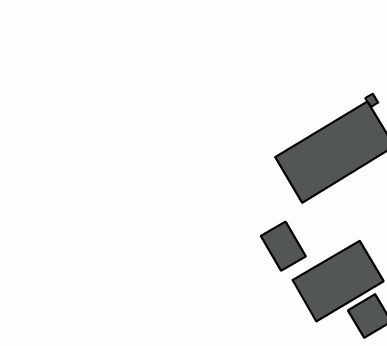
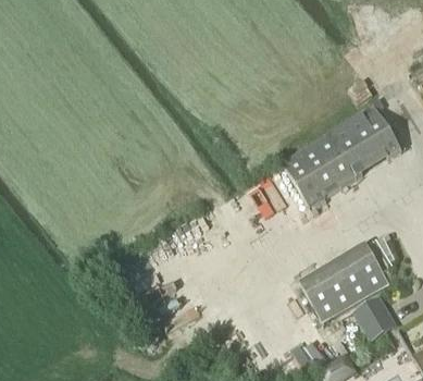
building: [261,222,306,271] -> none

